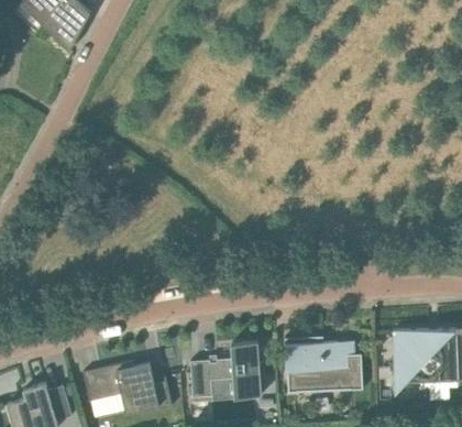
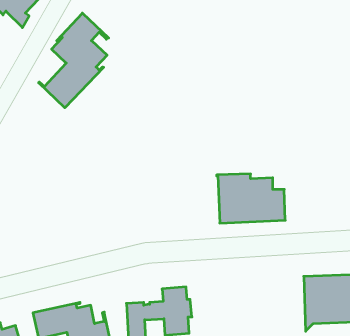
building: none -> [39,13,109,108]
building: [284,337,362,393] -> [217,174,285,223]

